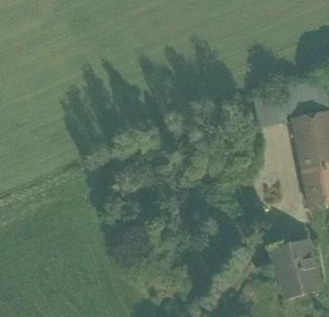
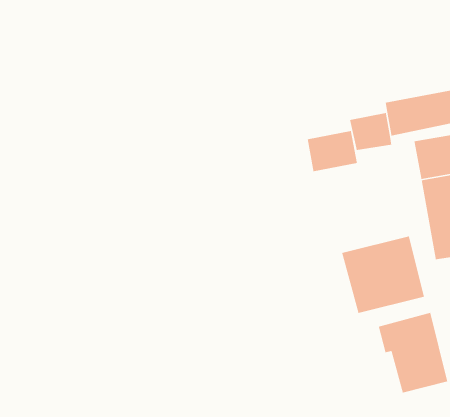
building: none -> [307,130,358,172]
building: none -> [341,235,425,314]

